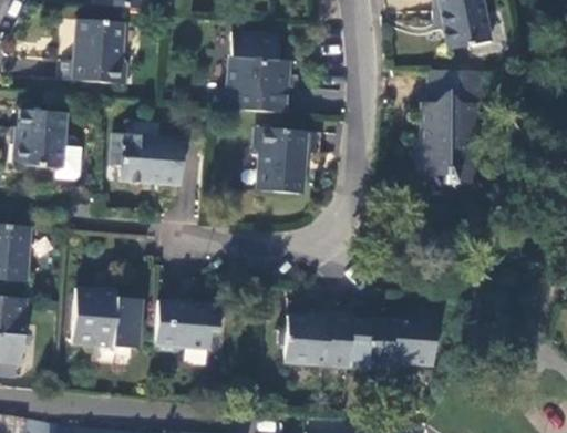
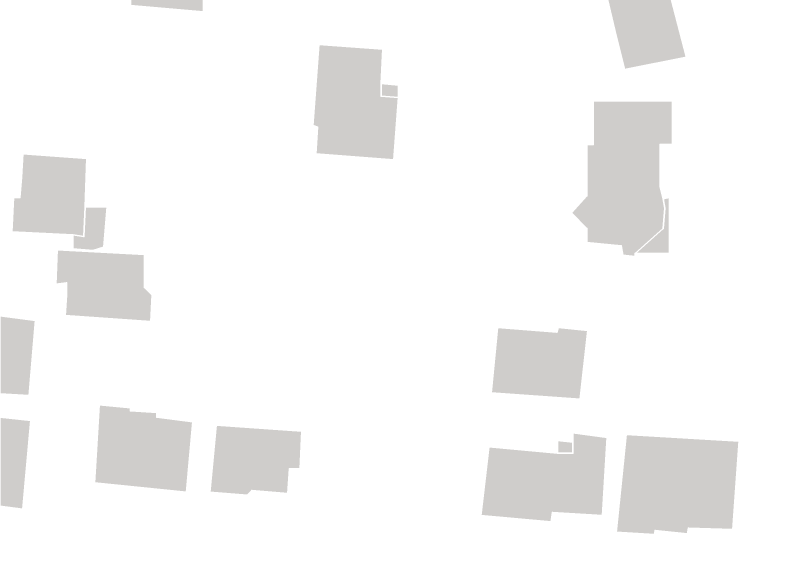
building: [61,20,126,84] -> none
building: [254,126,318,194] -> none
building: [113,134,182,185] -> [56,250,152,322]
building: none -> [616,434,739,534]
building: [282,316,351,367] -> [491,327,588,399]

